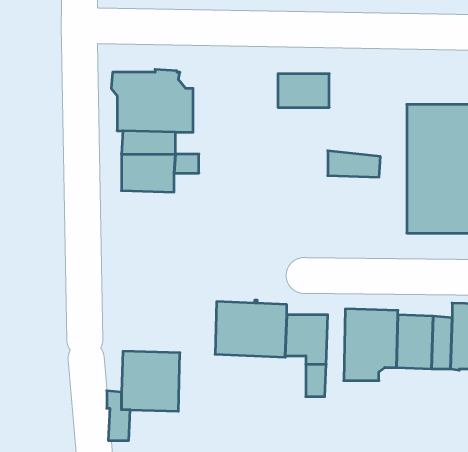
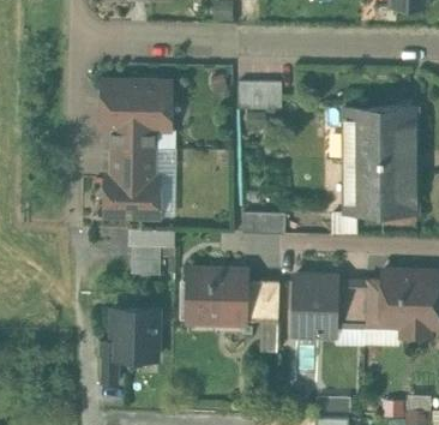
building: [328,151,380,177] -> [243,214,287,235]
building: none -> [107,179,160,216]
building: none -> [132,246,162,275]

